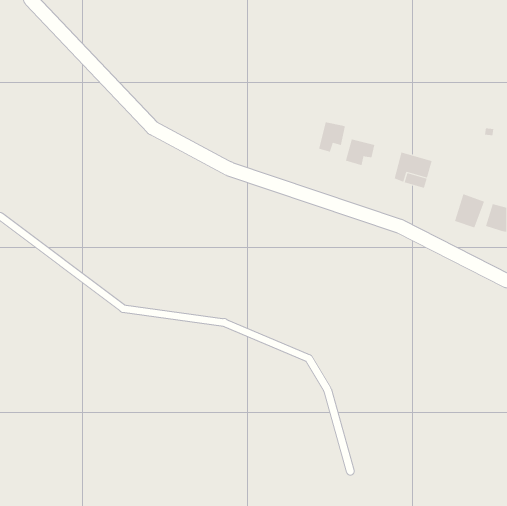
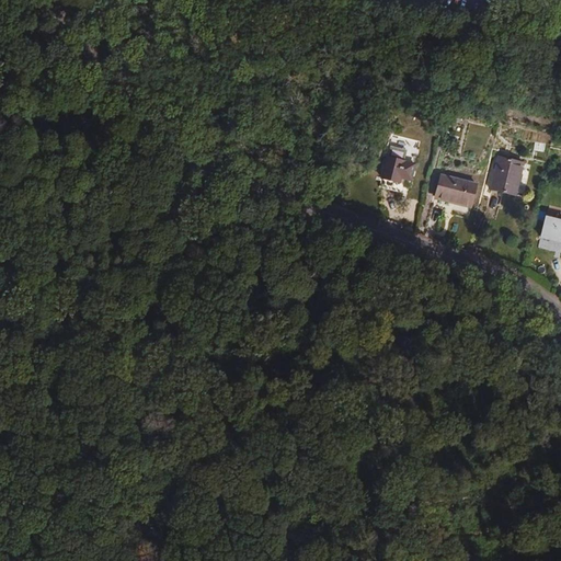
building: [318,121,345,152] -> none
building: [454,193,485,228] -> [494,150,528,188]

